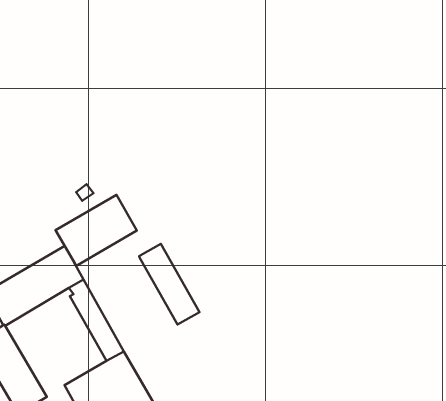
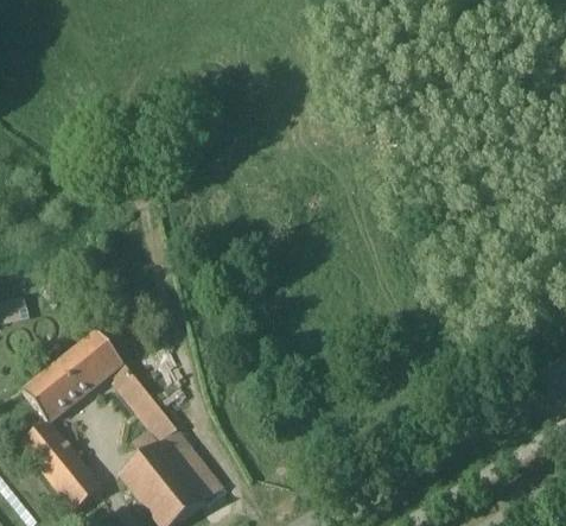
building: [56,195,137,266] -> none
building: [139,244,199,324] -> none

